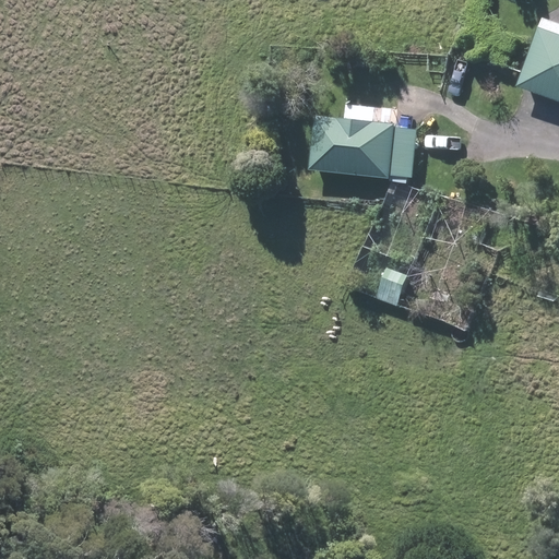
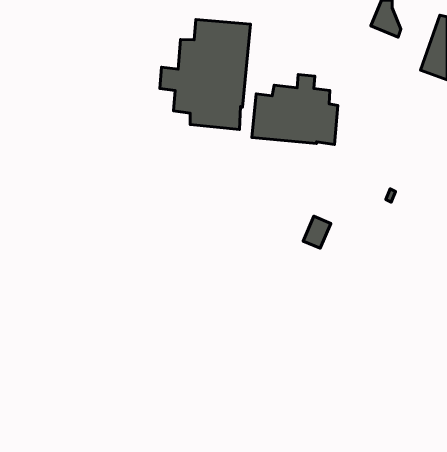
building: none -> [160,19,250,130]

